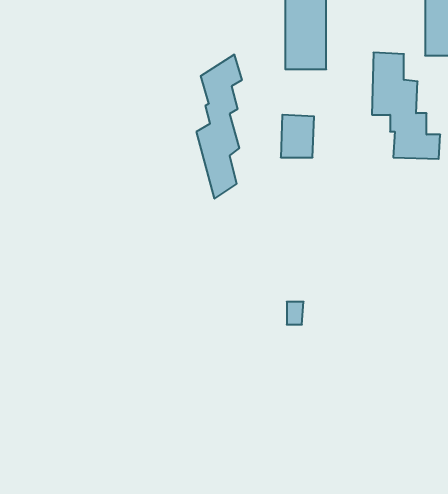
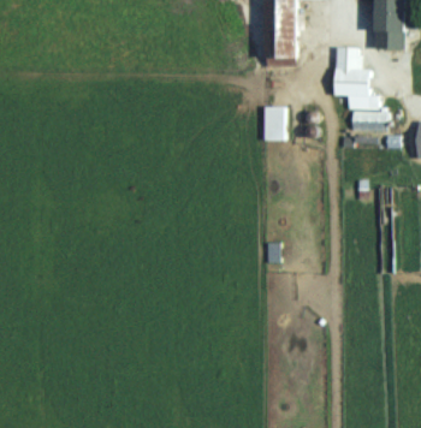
building: [197,54,242,199] -> none

